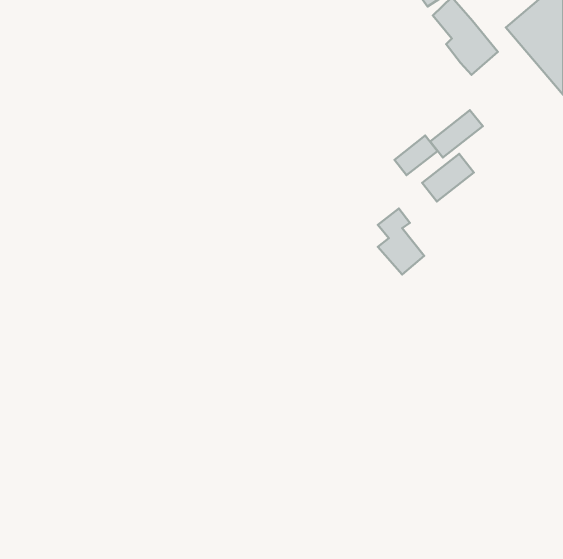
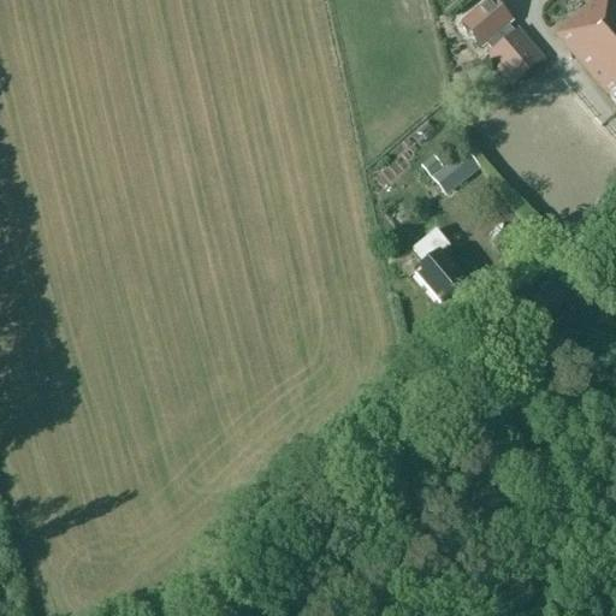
building: [430,110,483,158] -> none
building: [422,154,474,202] -> none

